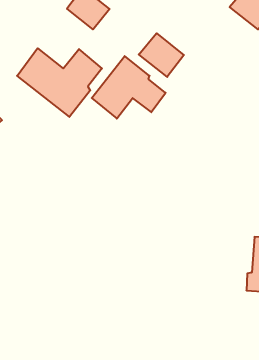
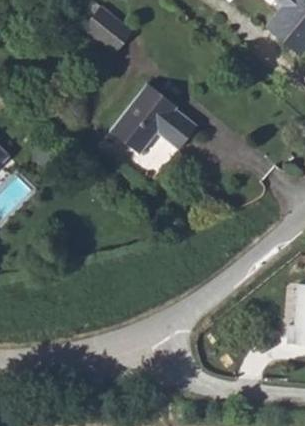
building: [139,33,184,77] -> none
building: [17,48,102,117] -> none

